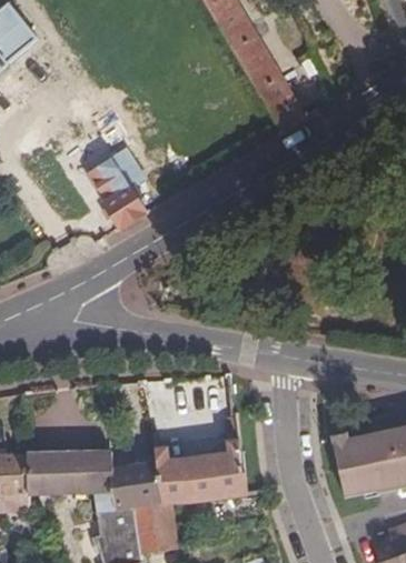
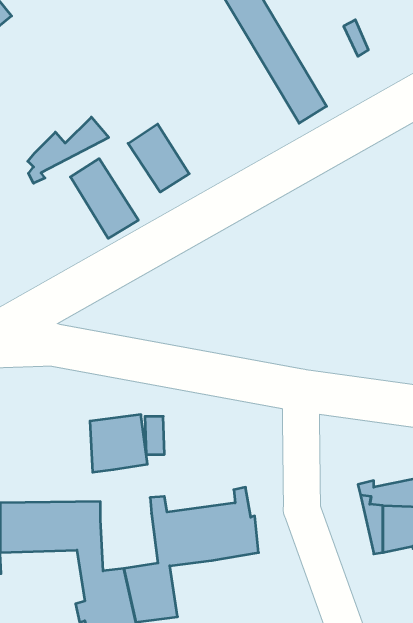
building: none -> [28,117,109,183]
building: none -> [128,124,189,192]
building: [112,460,161,509] -> [90,415,147,472]

